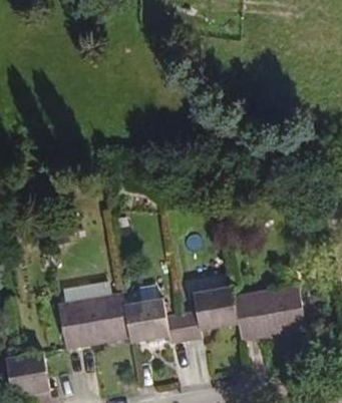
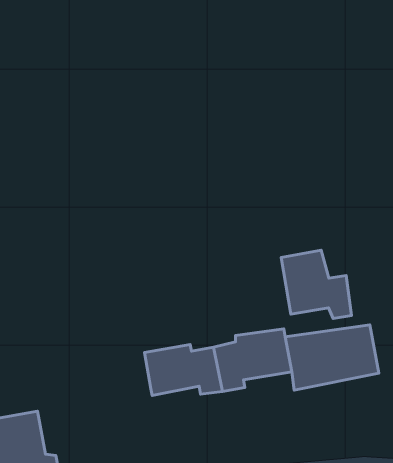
building: none -> [281,250,351,318]
building: [56,294,130,345] -> none

